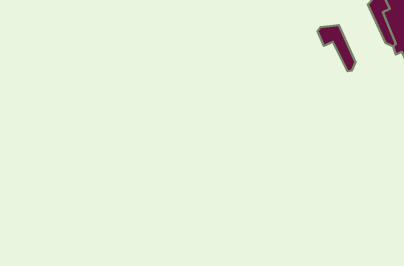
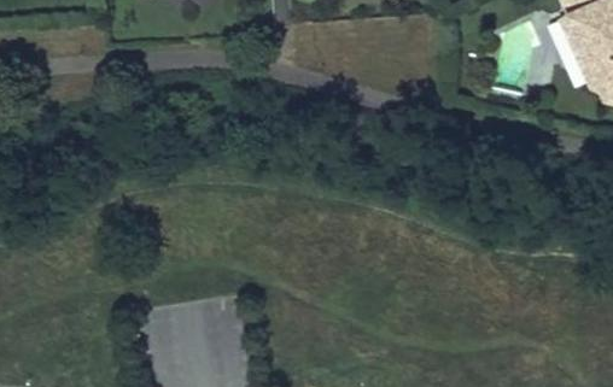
building: [318,25,356,71] -> none

